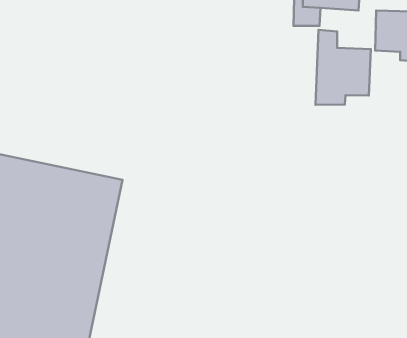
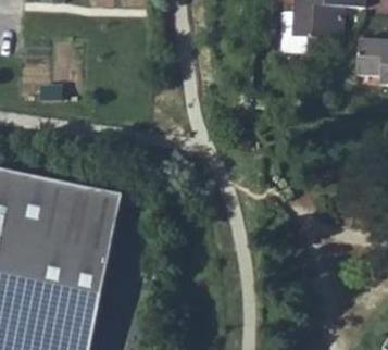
building: [316,30,371,105] -> none

